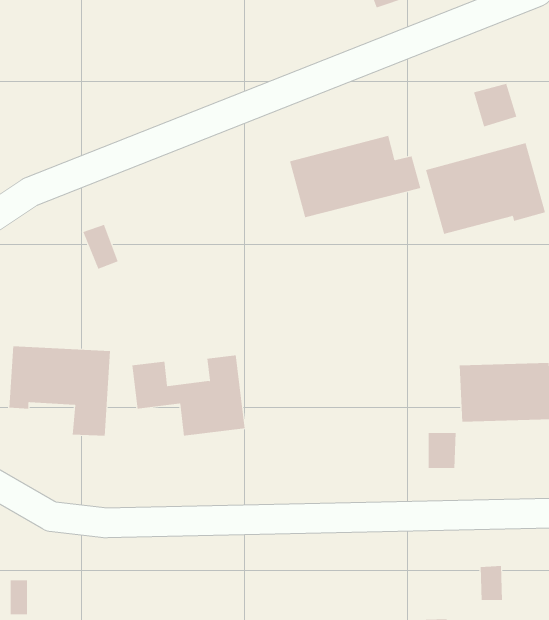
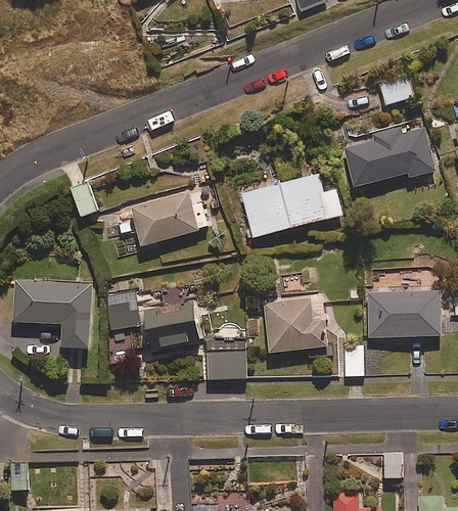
building: [289,135,421,218] -> [238,173,342,238]
building: none -> [130,191,208,246]
building: none -> [264,296,328,353]
building: none -> [205,340,245,380]

